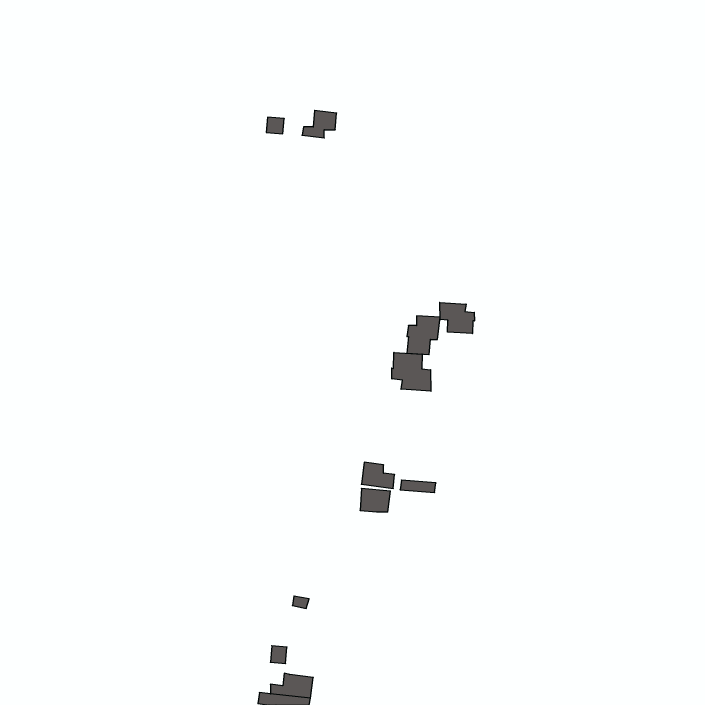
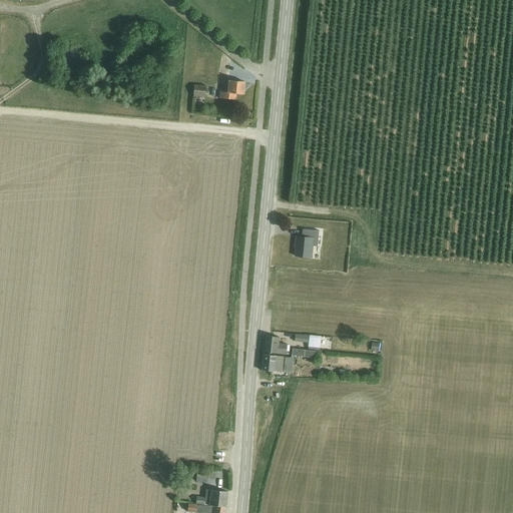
building: [440,302,474,334] -> none
building: [392,352,431,391] -> none

